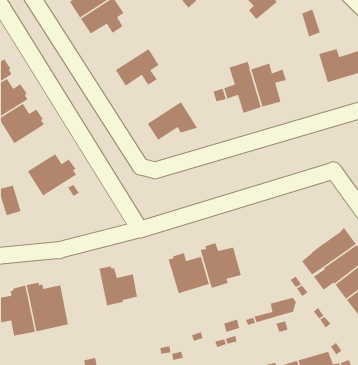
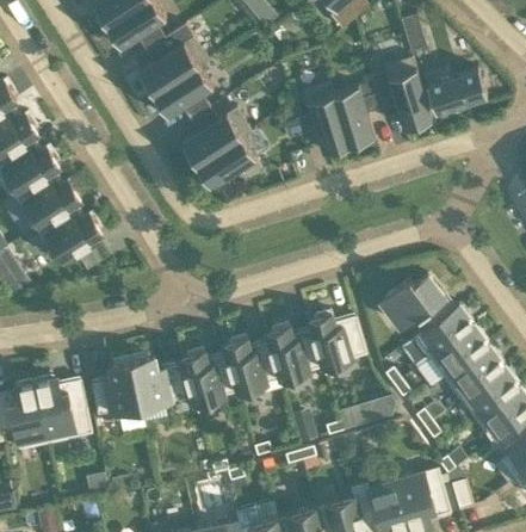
building: none -> [138,24,209,94]
building: none -> [371,56,432,128]
building: none -> [181,107,252,166]
building: none -> [13,172,81,229]
building: none -> [382,274,452,327]
building: none -> [309,311,367,376]
building: none -> [181,348,237,413]
building: none -> [91,358,146,433]

